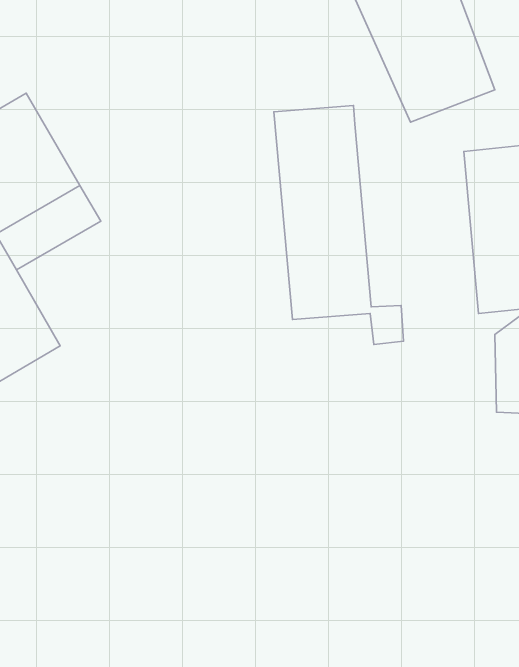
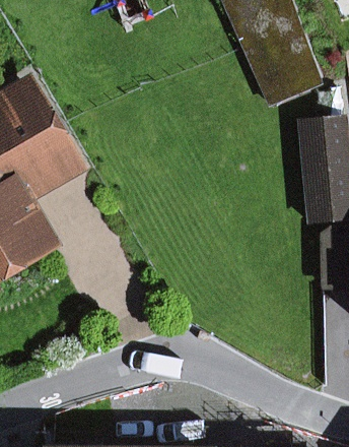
building: [274,105,403,344] -> none

